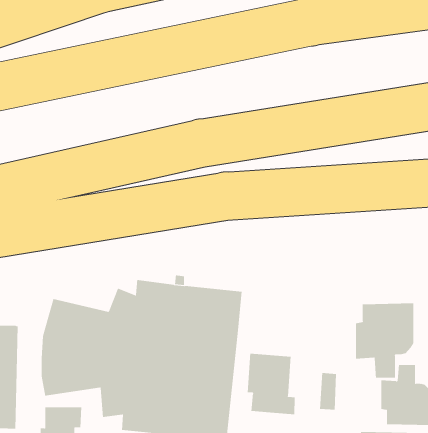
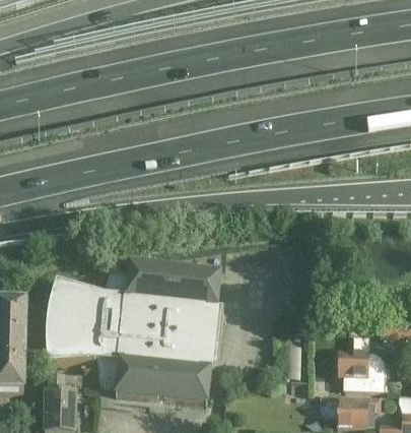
building: [356,302,414,379] -> none
building: [247,353,295,415] -> none

